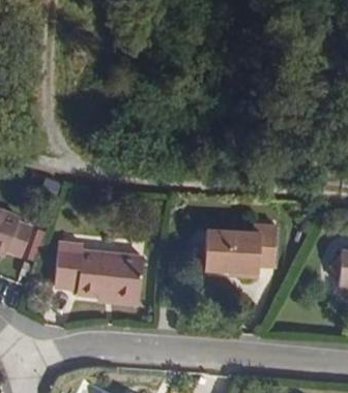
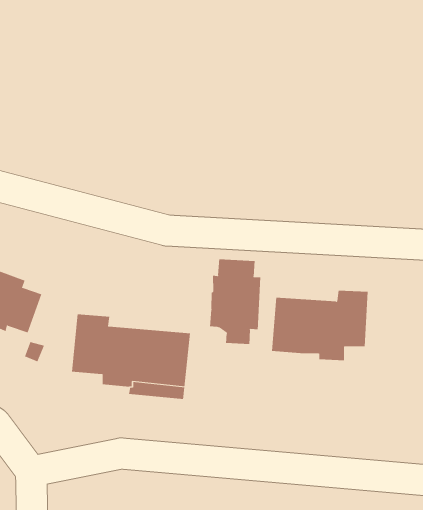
building: none -> [209,258,261,345]

